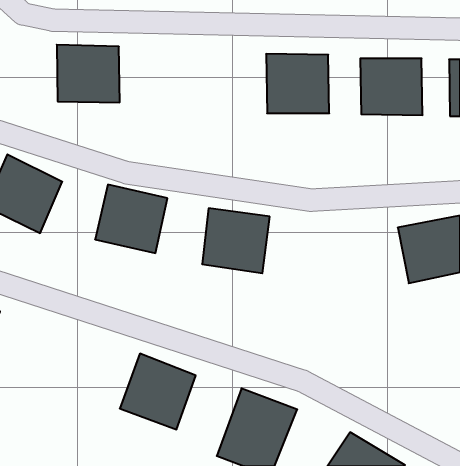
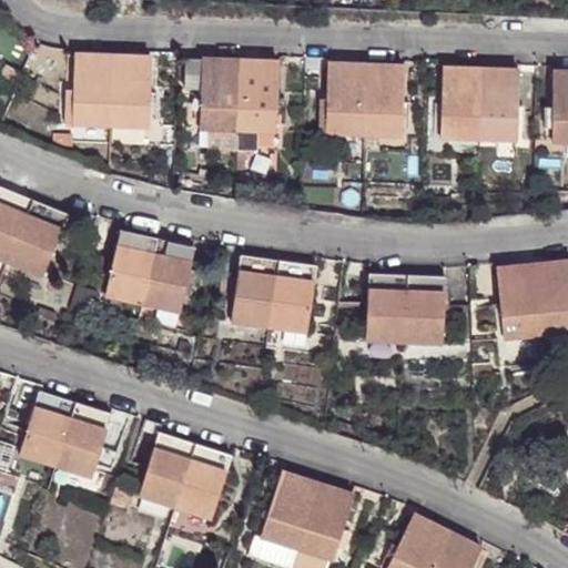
building: none -> [199,61,278,132]
building: none -> [352,282,434,358]
building: none -> [23,390,118,485]

